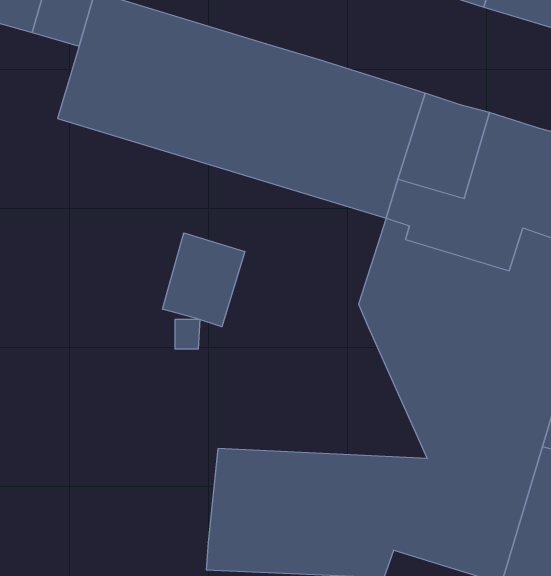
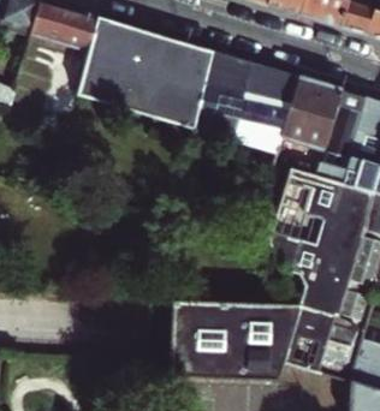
building: [163,233,245,327] -> none

